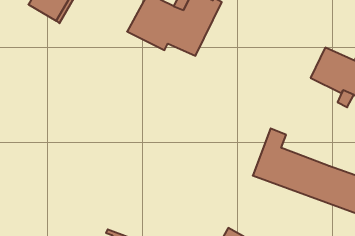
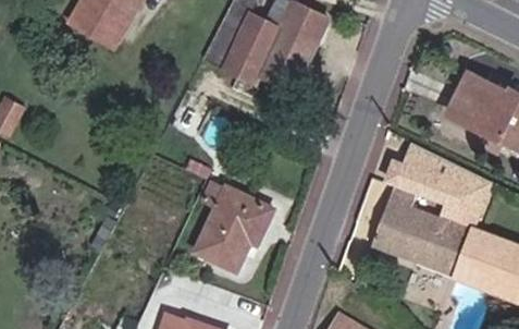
building: none -> [396,143,493,234]
building: none -> [197,181,273,268]

